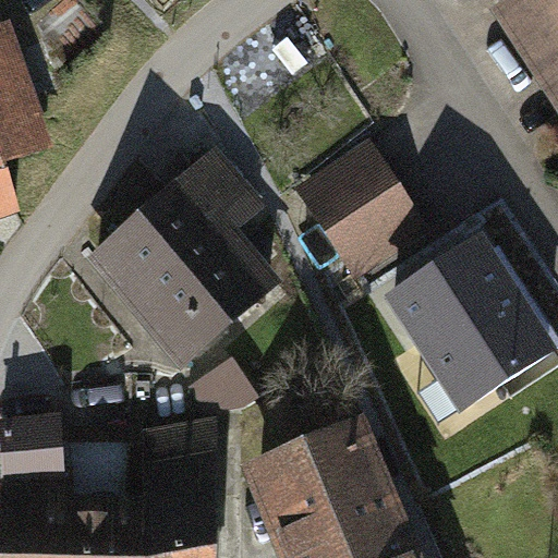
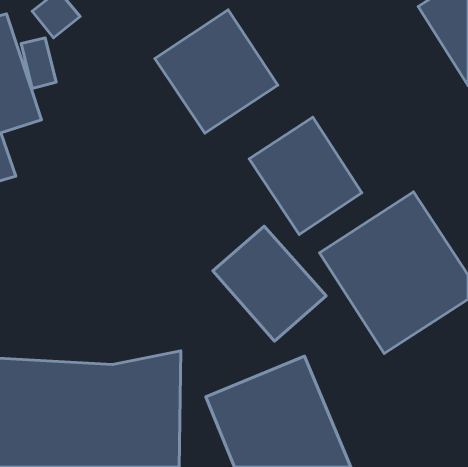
building: none -> [155,10,278,133]
building: [82,148,282,368] -> none
building: none -> [213,226,326,341]

